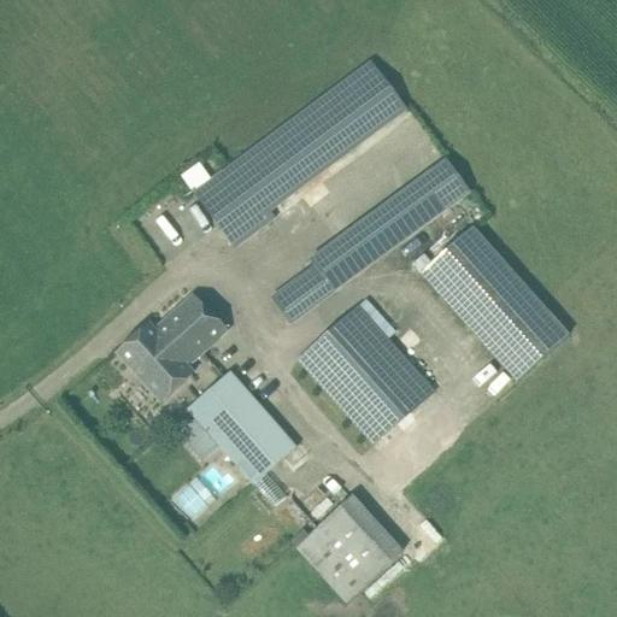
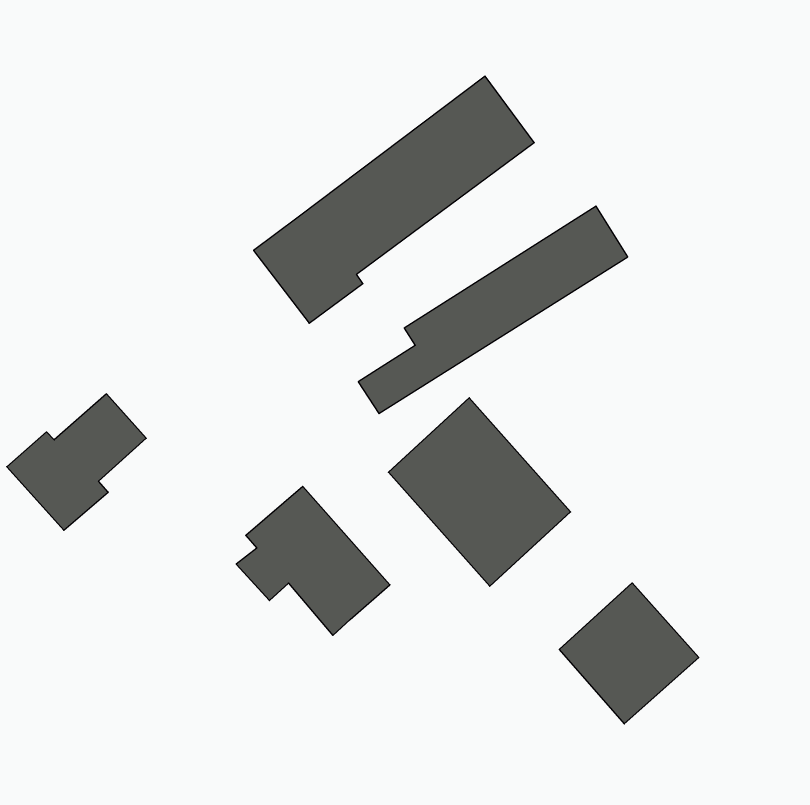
building: [424,222,571,380] -> none
building: [117,294,223,398] -> [7,394,146,530]
building: [295,494,401,601] -> [559,583,699,724]

